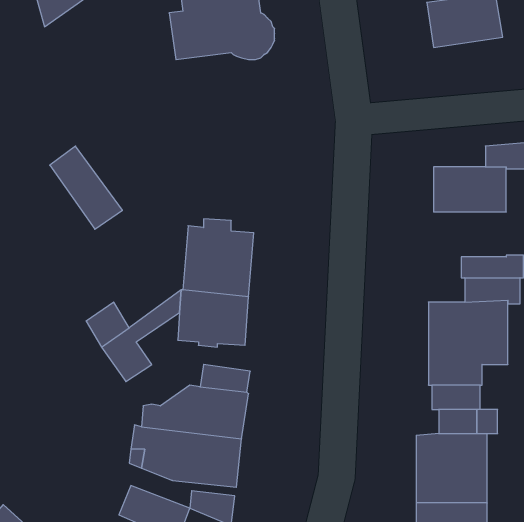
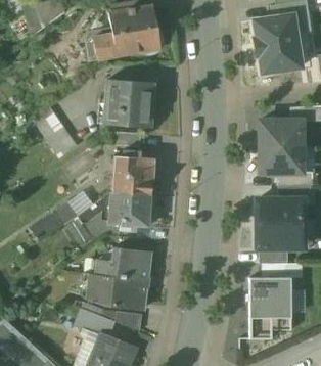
building: none -> [260,43,304,75]
building: none -> [102,79,152,127]
building: none -> [260,146,303,173]

